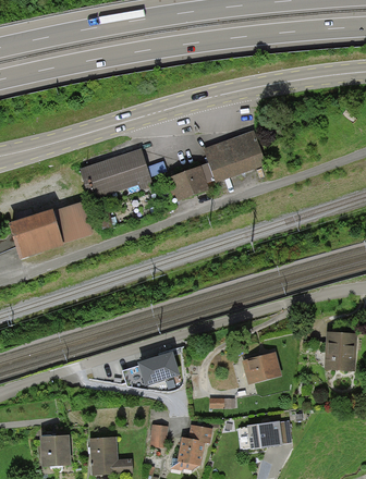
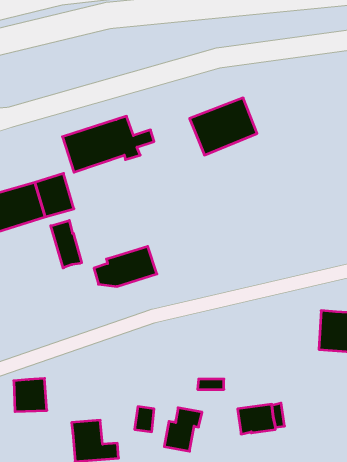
building: [168,162,215,199] -> none
building: none -> [51,220,82,268]
building: [122,349,182,388] -> [94,246,157,286]
building: [241,352,281,384] -> none
building: [39,435,71,467] -> [14,378,47,412]

